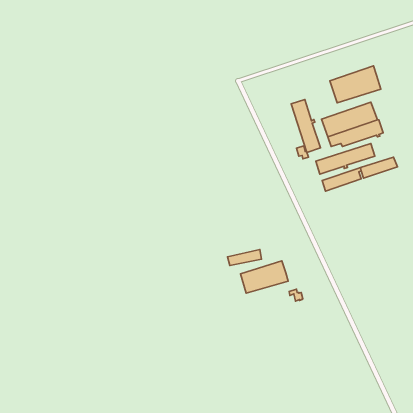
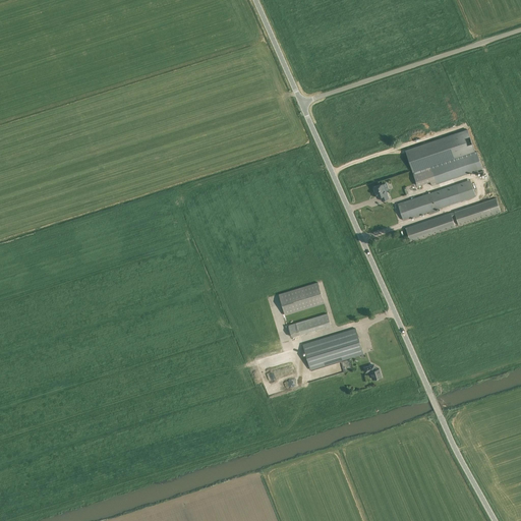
building: [330,66,381,103] -> none
building: [291,99,321,152] -> none
building: none -> [278,282,323,313]

